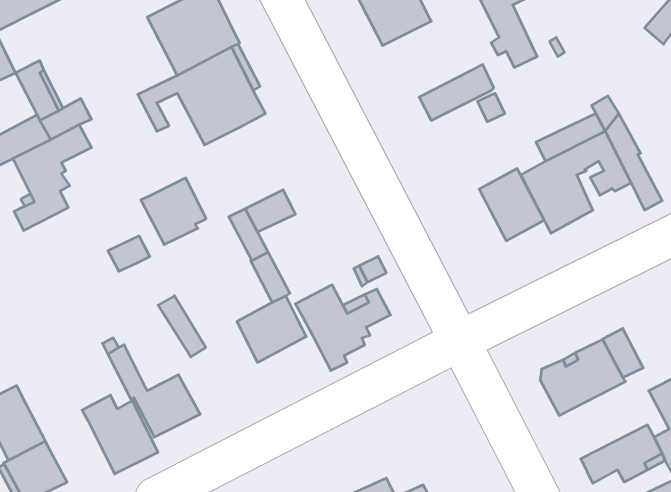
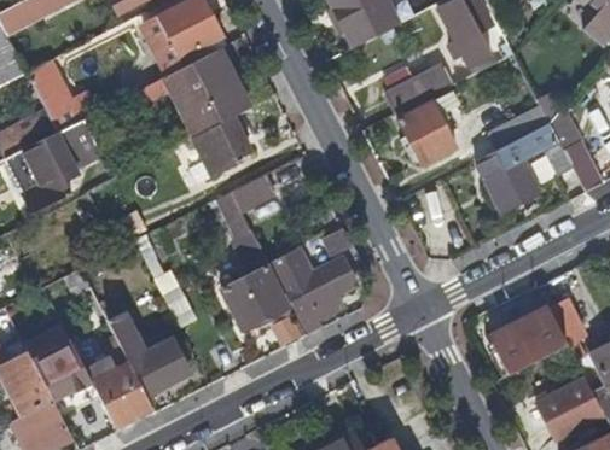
building: [479,169,544,241] -> [397,100,455,164]
building: [141,178,206,245] -> [186,118,244,177]
building: none -> [33,339,93,402]

